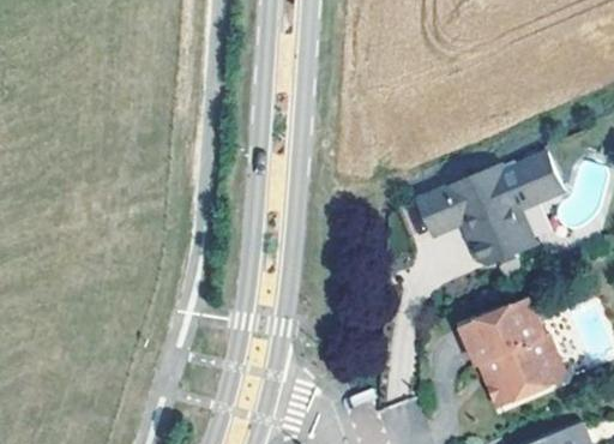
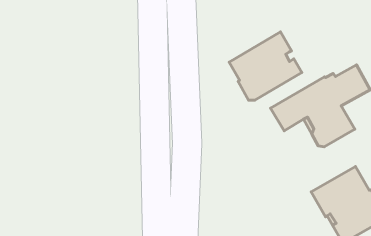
building: none -> [229,32,302,100]

